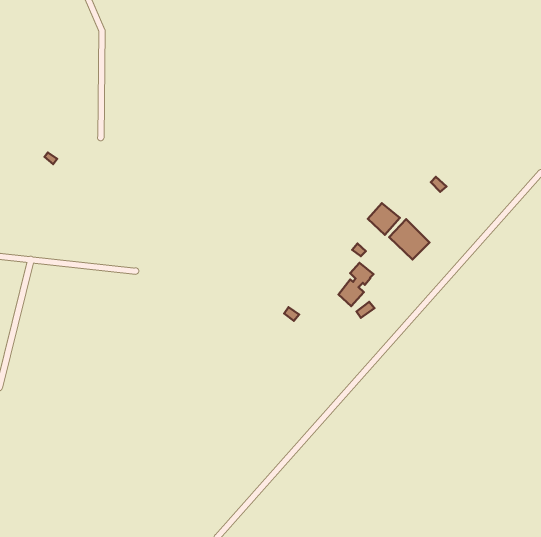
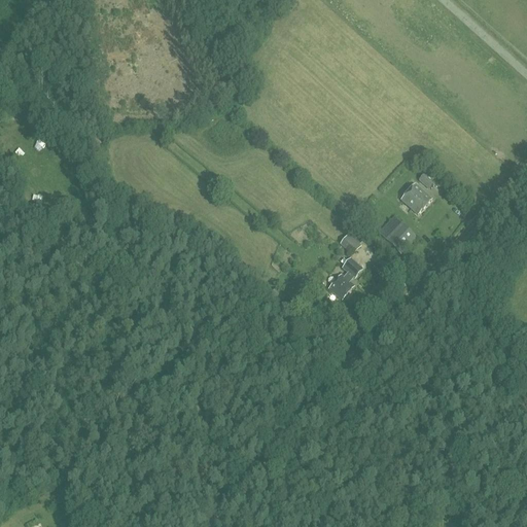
building: [368,203,400,235] -> [400,182,431,213]

